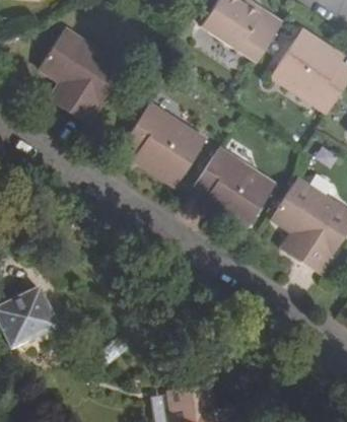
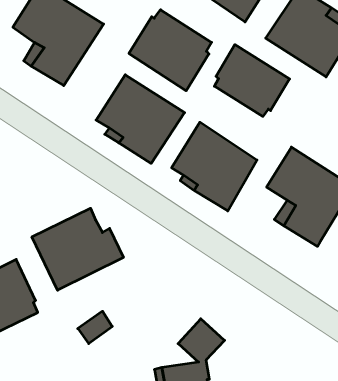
building: none -> [129,10,212,91]
building: none -> [214,45,290,116]
building: none -> [32,208,123,290]

